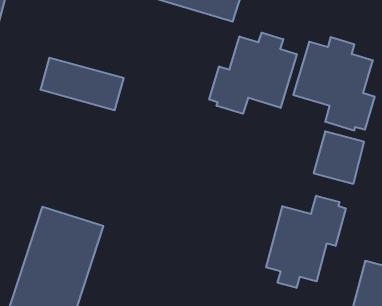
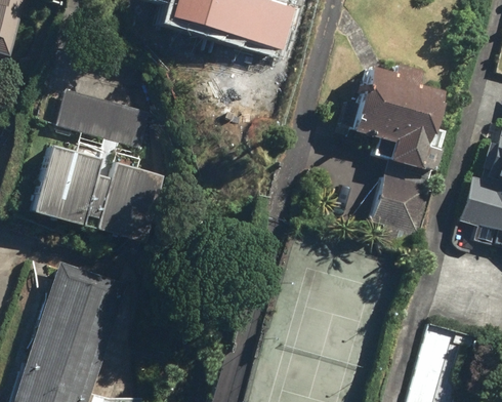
building: [209,33,297,114] -> none
building: none -> [29,149,165,245]
building: [266,196,346,288] -> none

